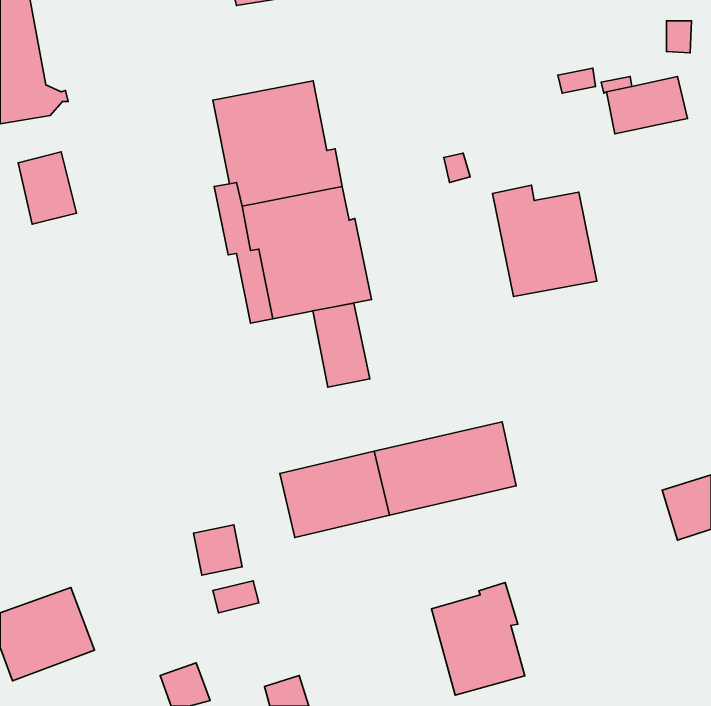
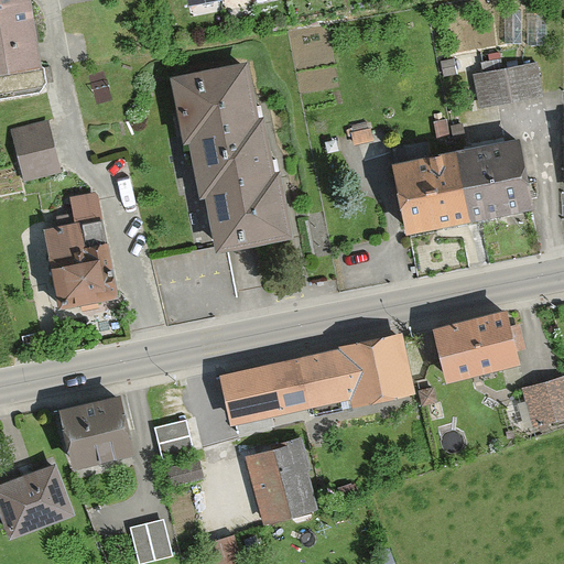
building: none -> [458,140,534,223]
building: none -> [44,192,118,310]
building: [313,303,370,387] -> none
building: none -> [434,311,522,383]
building: none -> [59,397,132,468]
building: [431,582,525,695] -> [245,435,318,524]

